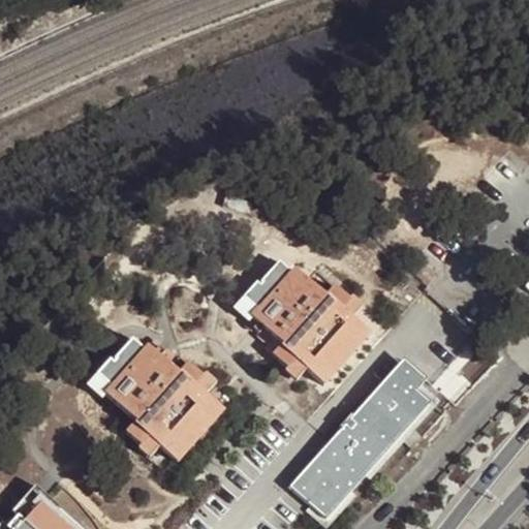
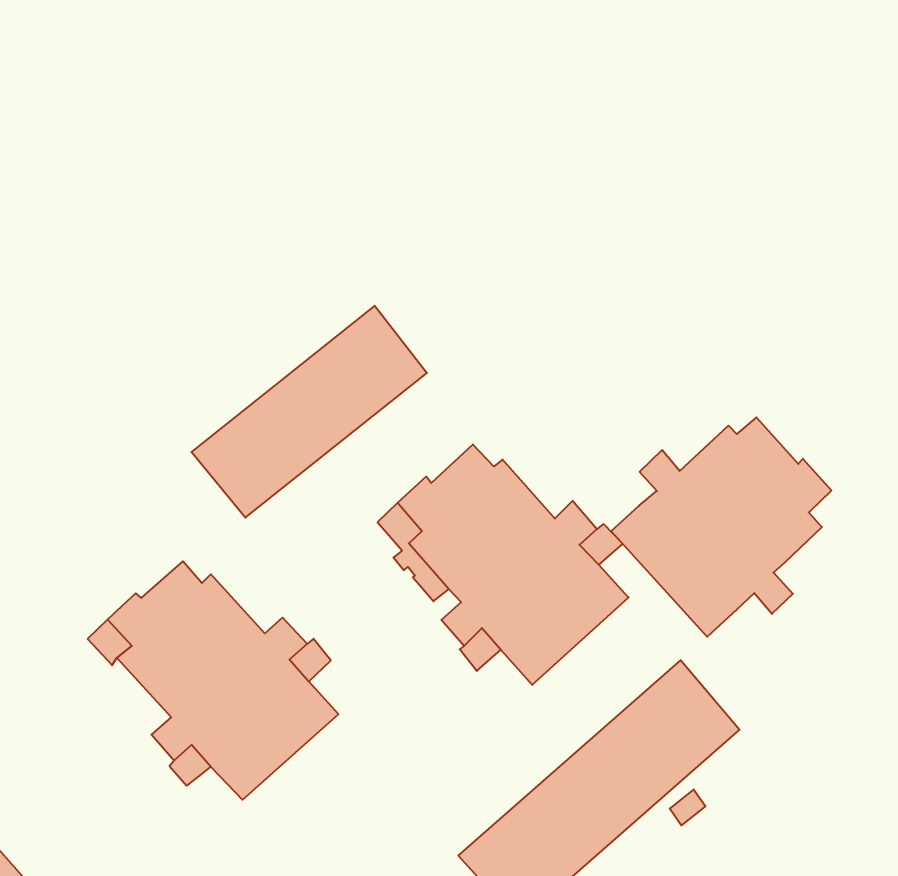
building: none -> [191,306,427,518]
building: none -> [611,417,831,637]

